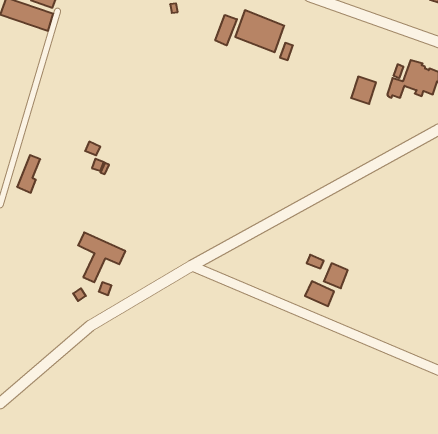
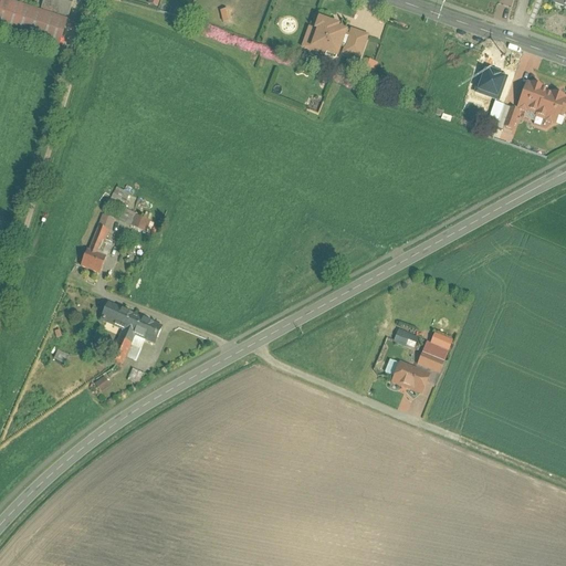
building: [215,15,237,45] -> none
building: [351,77,376,104] -> [476,64,509,99]
building: [17,155,40,193] -> [81,221,111,270]

